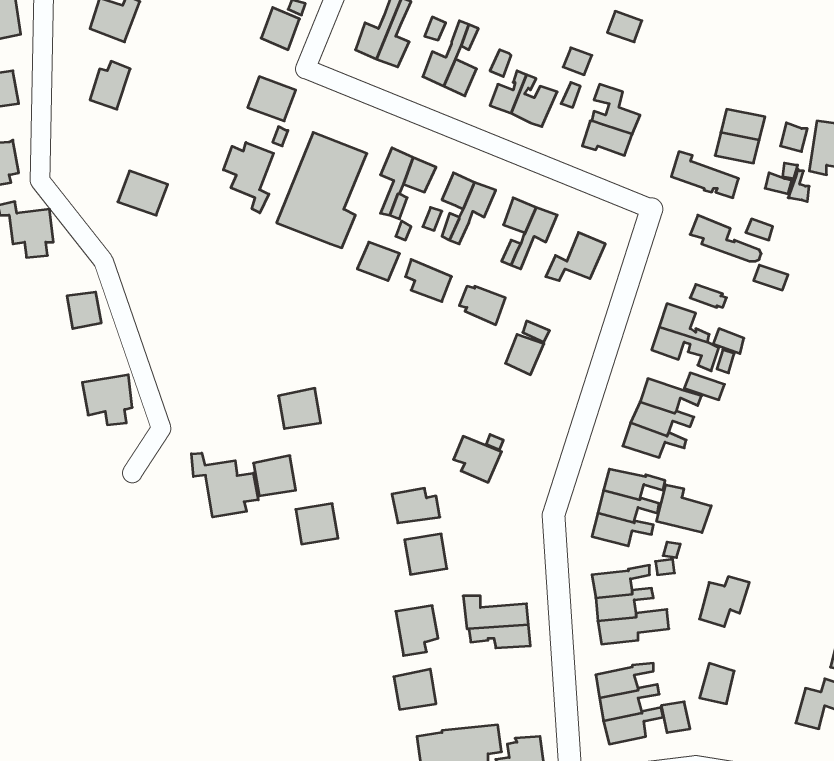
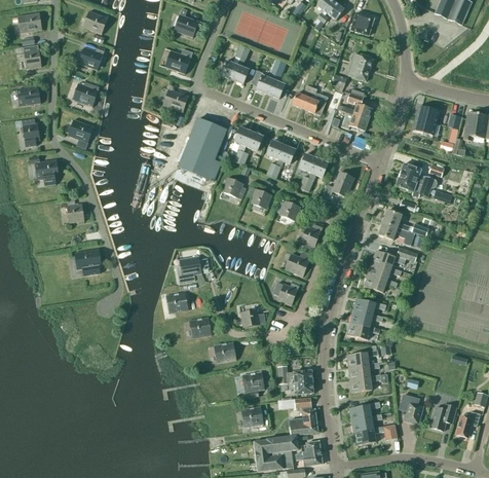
building: [223,142,274,213] -> none
building: [671,152,739,198] -> [394,173,430,197]
building: [118,171,168,215] -> [67,119,93,143]
building: none -> [284,251,311,277]
building: [191,453,258,517] -> none
building: [657,485,711,533] -> none
building: [405,534,447,574] -> [213,341,235,363]
building: [699,577,749,627] -> [429,404,456,431]
building: none -> [277,398,317,435]

